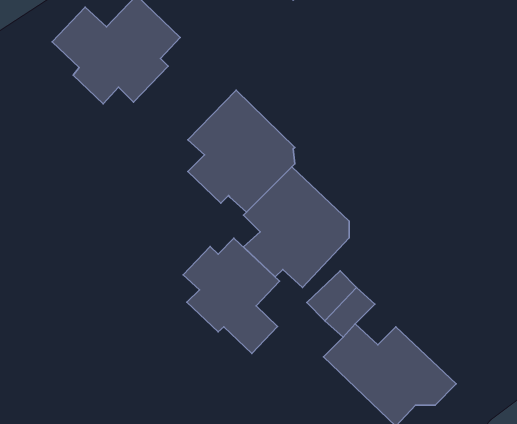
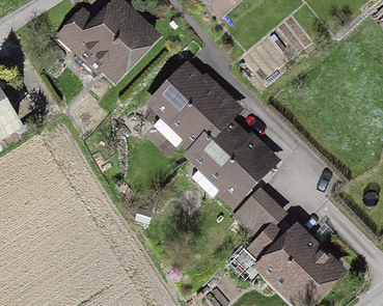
building: [183,238,280,354] -> none

